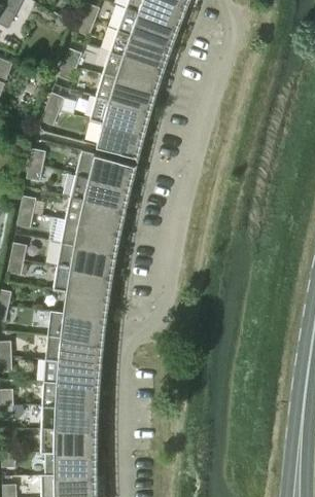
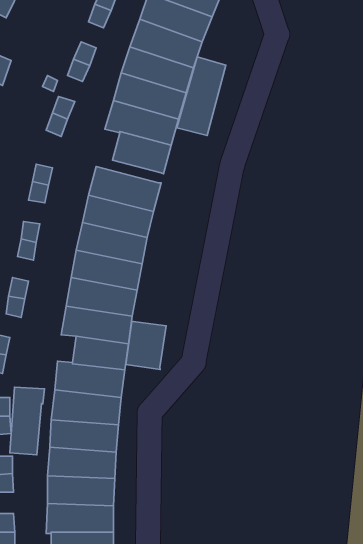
building: none -> [177,57,226,136]
building: none -> [126,321,166,369]
building: none -> [10,387,44,455]

